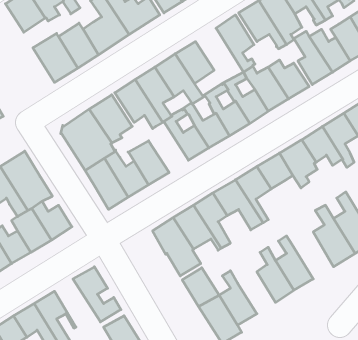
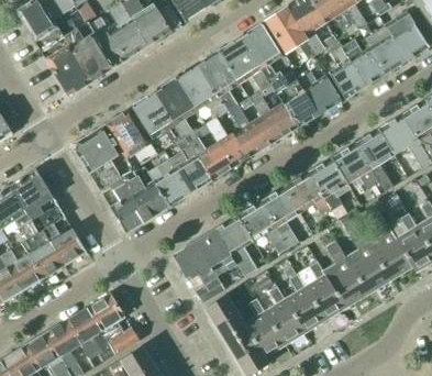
building: none -> [220,37,272,90]
building: none -> [169,137,212,192]
building: none -> [323,241,368,307]
building: none -> [265,286,306,344]
building: none -> [68,307,118,362]

